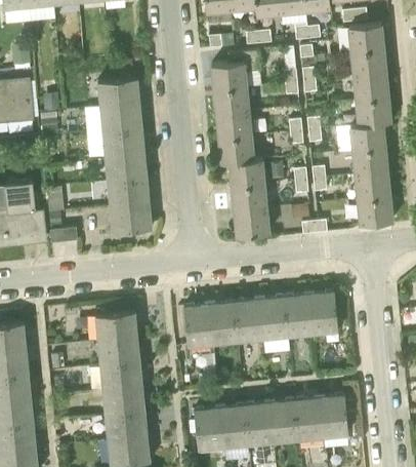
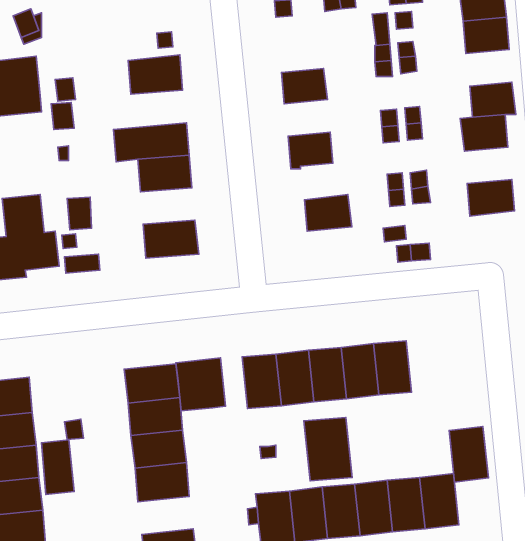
building: [211,51,261,91] -> none
building: [353,74,388,102] -> none
building: [84,105,142,134] -> none
building: [216,112,251,140] -> none
building: [352,148,388,176] -> none
building: [228,159,264,188] -> none
building: [108,179,149,206] -> none
building: [357,196,393,226] -> none
building: [234,208,269,237] -> none
building: [308,291,338,334] -> [449,427,488,482]
building: none -> [176,358,226,411]
building: none -> [304,417,352,481]
building: none -> [42,440,74,495]
building: [106,413,148,441] -> none

